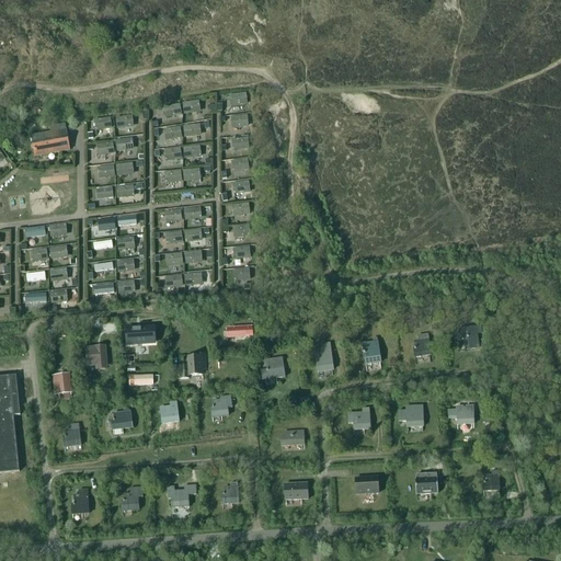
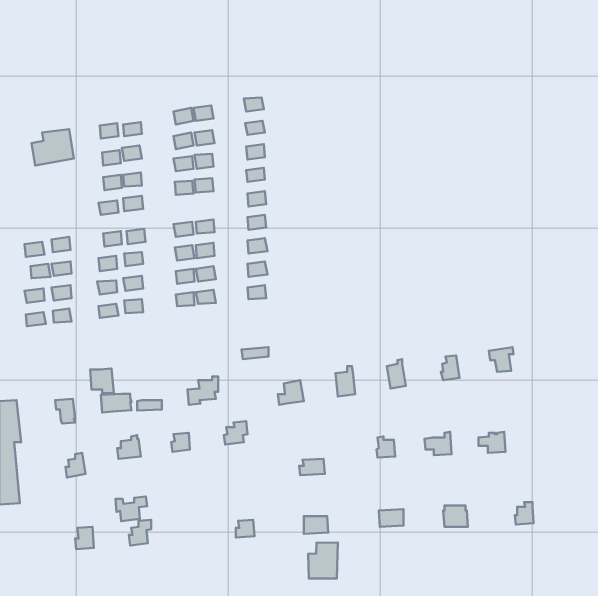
building: [125,325,153,343] -> [101,394,131,413]
building: [165,483,195,506] -> [115,497,147,521]
building: none -> [308,543,338,579]

